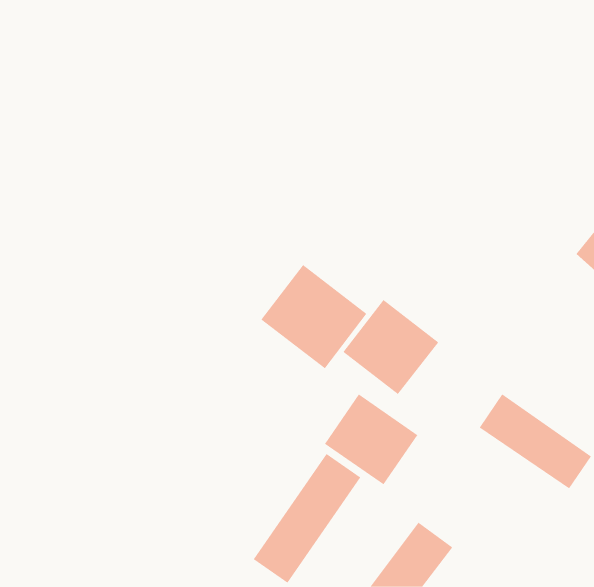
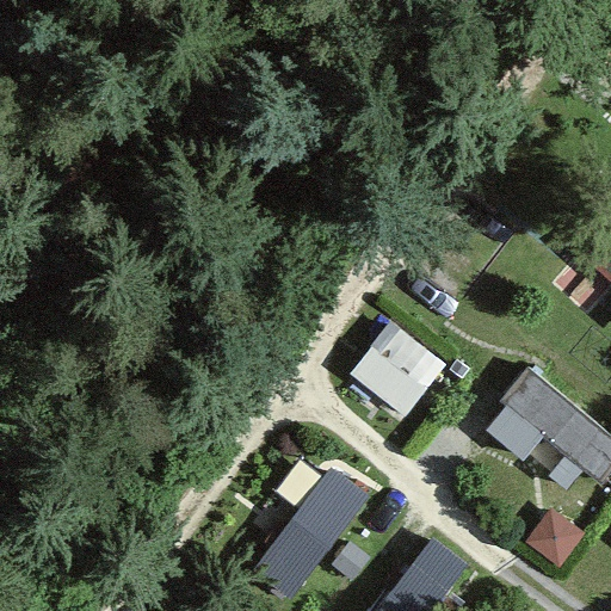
building: [261,264,367,369] -> none
building: [324,394,418,485] -> none

